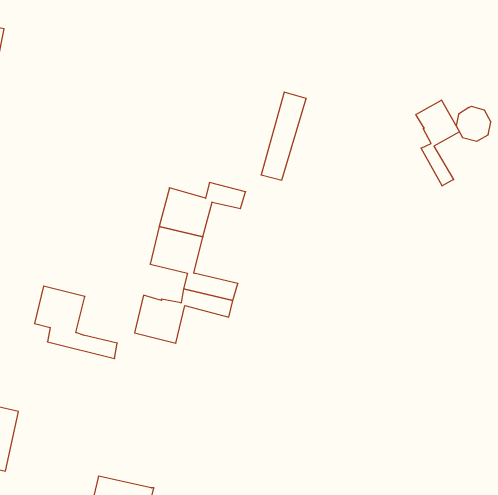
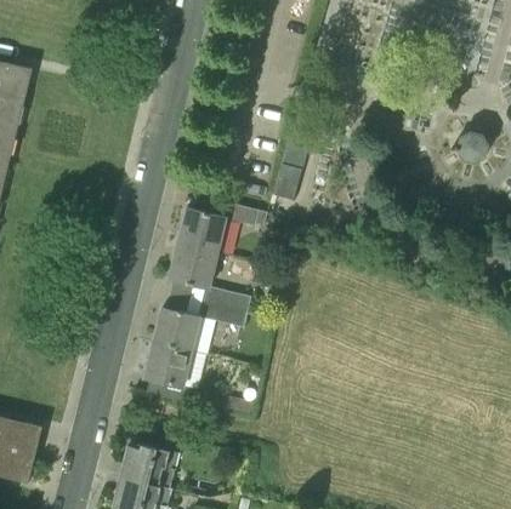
building: [416,100,459,186] -> none
building: [35,286,117,359] -> [143,347,221,414]
building: none -> [118,435,176,492]

